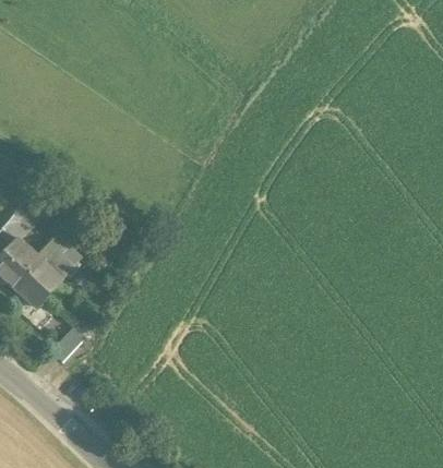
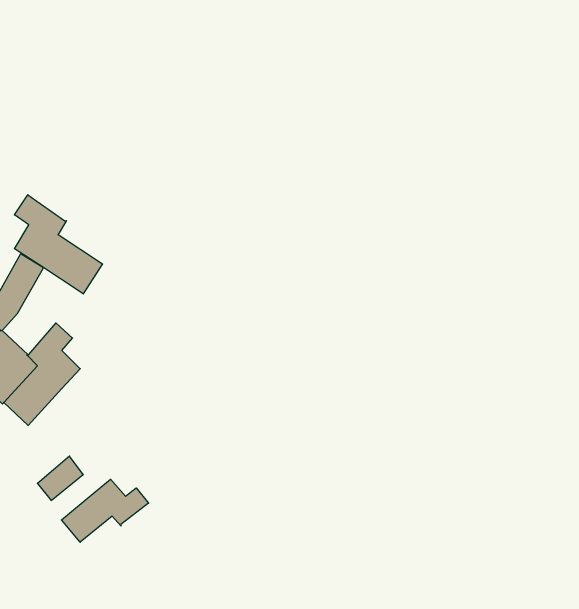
building: none -> [14,195,103,294]
building: none -> [61,479,149,542]

